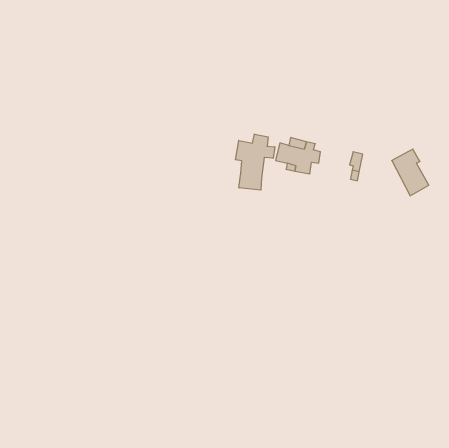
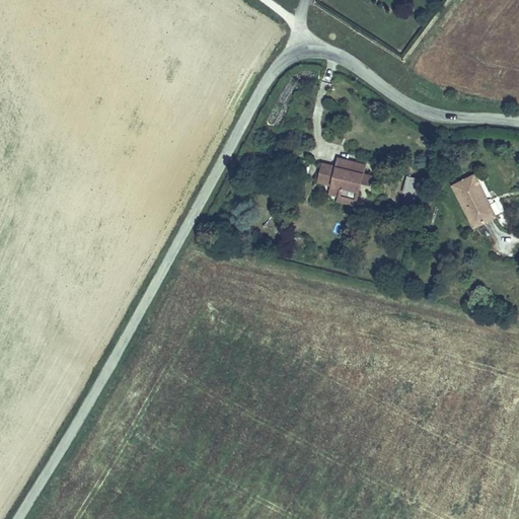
building: [235,134,275,190] -> none

